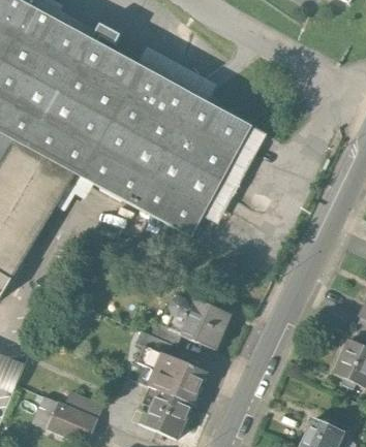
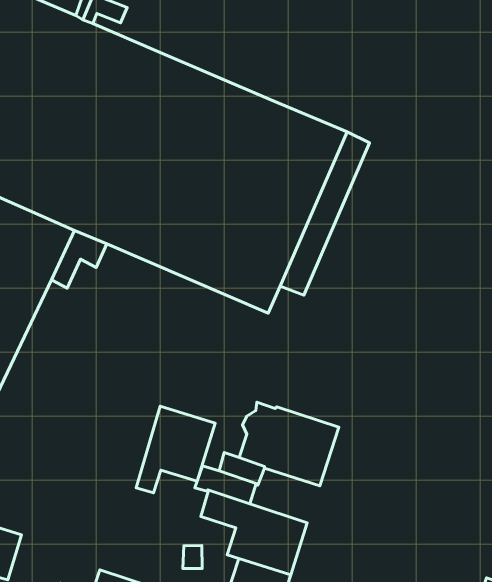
building: [135,49,214,101] -> none
building: none -> [136,406,215,493]

